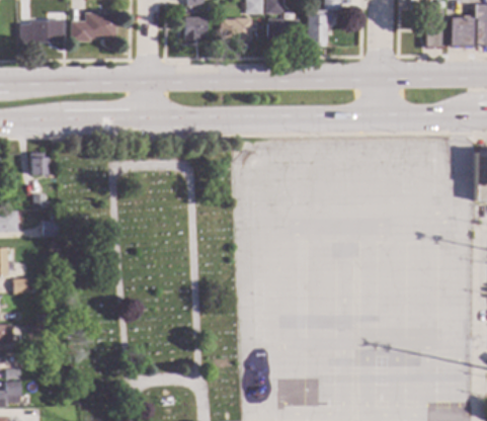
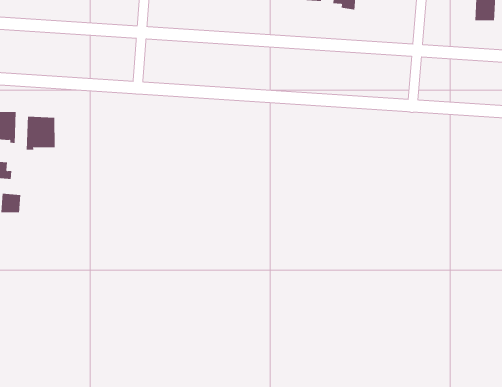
building: none -> [26,116,55,151]

